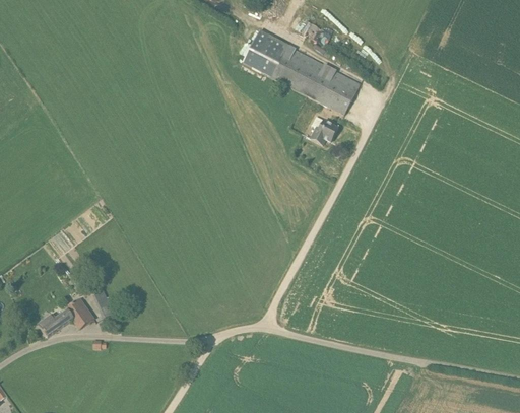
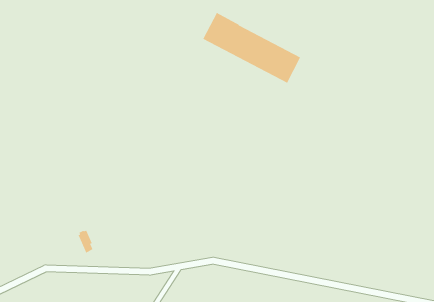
building: [310,119,338,144] -> none
building: [40,298,93,337] -> none

